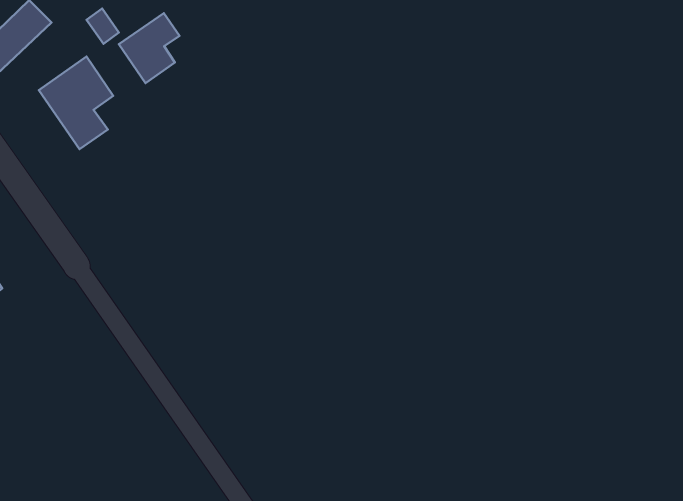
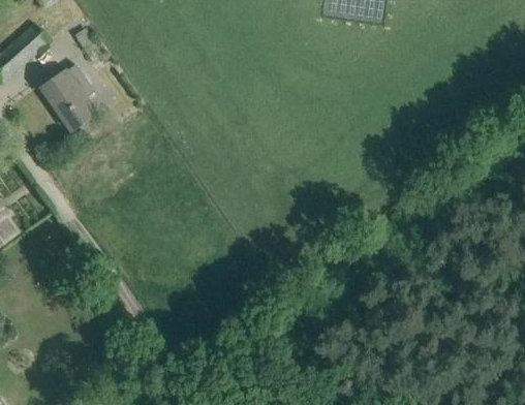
building: [119,13,179,83] -> none

